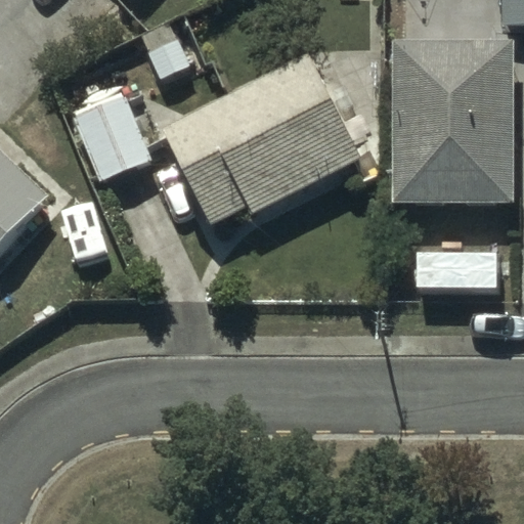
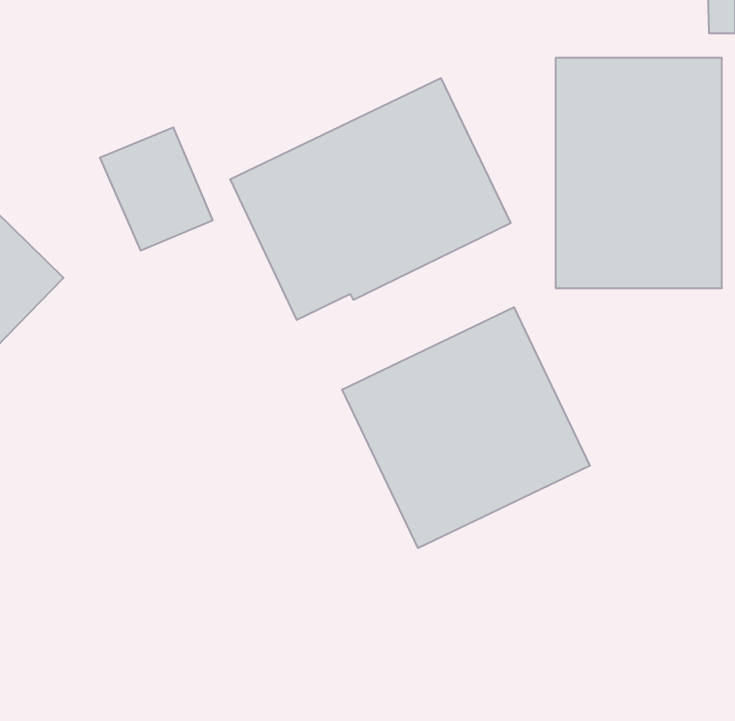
building: none -> [342,307,590,548]

